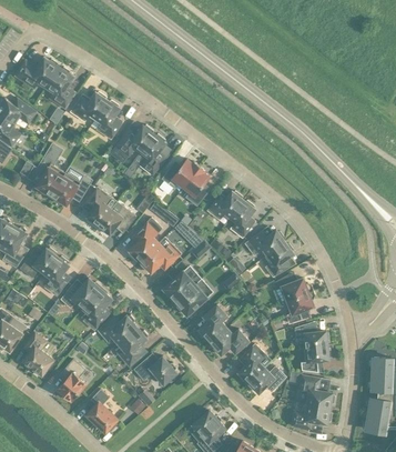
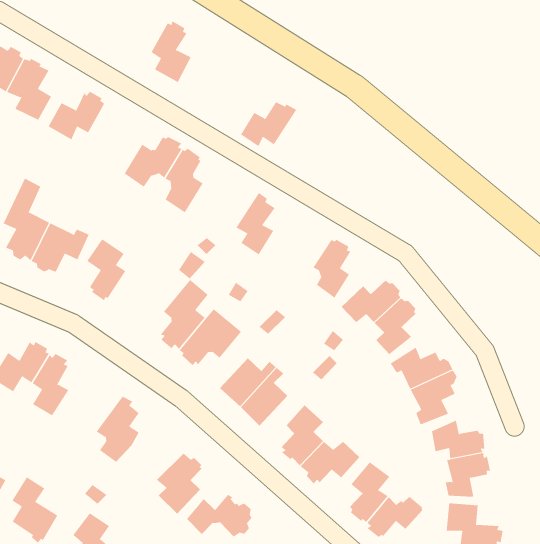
building: [97,100,122,140] -> [151,21,191,83]
building: [163,160,201,188] -> [240,101,297,147]
building: [209,191,244,220] -> none
building: [99,207,138,235] -> none
building: [62,279,102,309] -> none
building: [100,315,138,343] -> none

